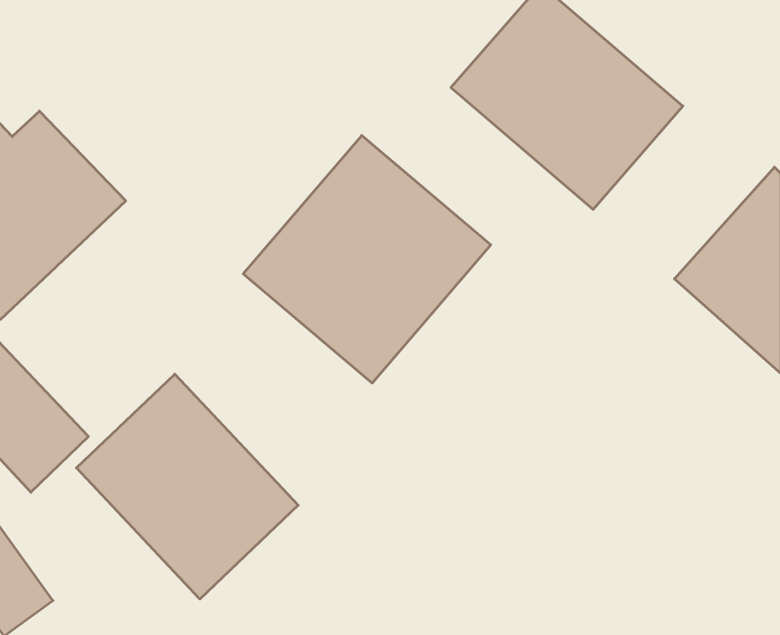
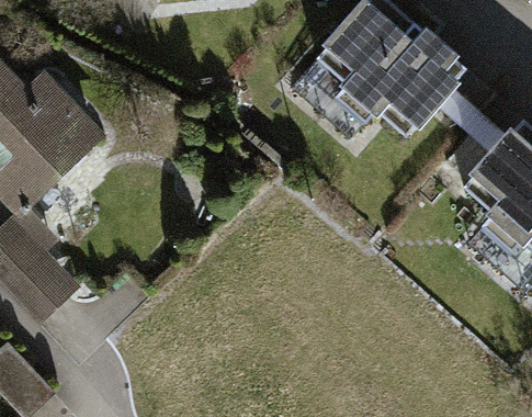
building: [243,135,491,383] -> none
building: [76,374,298,599] -> none

